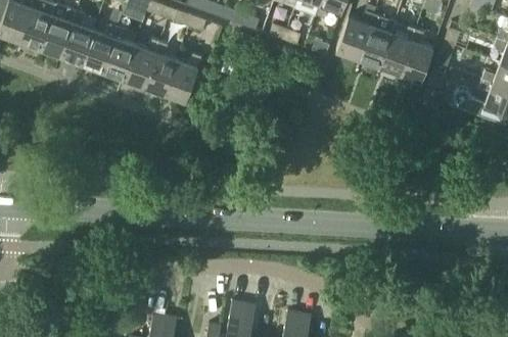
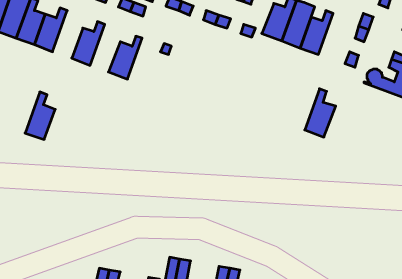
building: [101,26,135,79] -> [25,92,55,139]
building: [399,29,433,83] -> [305,89,336,137]
building: [143,41,177,94] -> none

